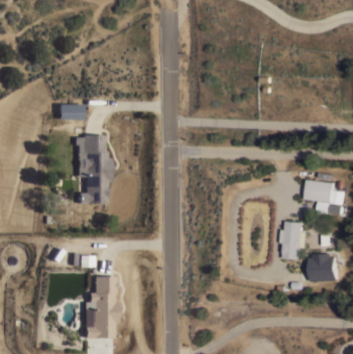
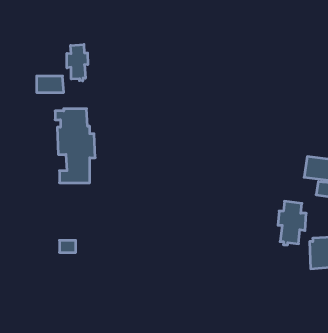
building: none -> [67,44,88,81]
building: [83,275,117,338] -> none

